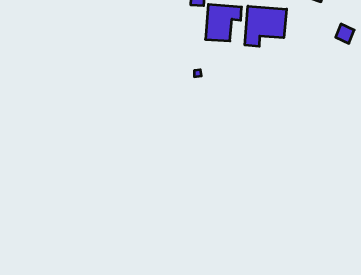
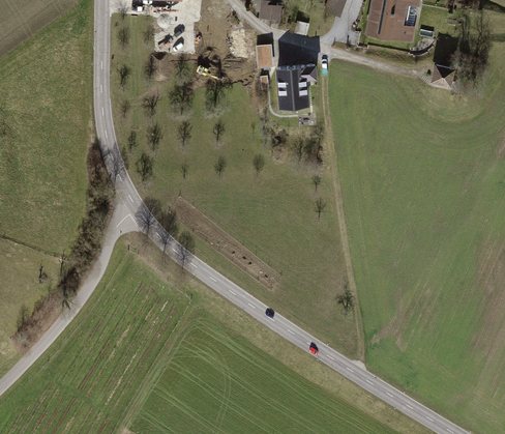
building: [245,6,287,46] -> none

